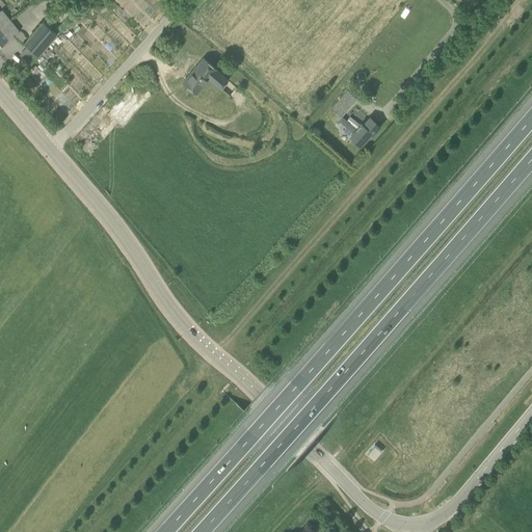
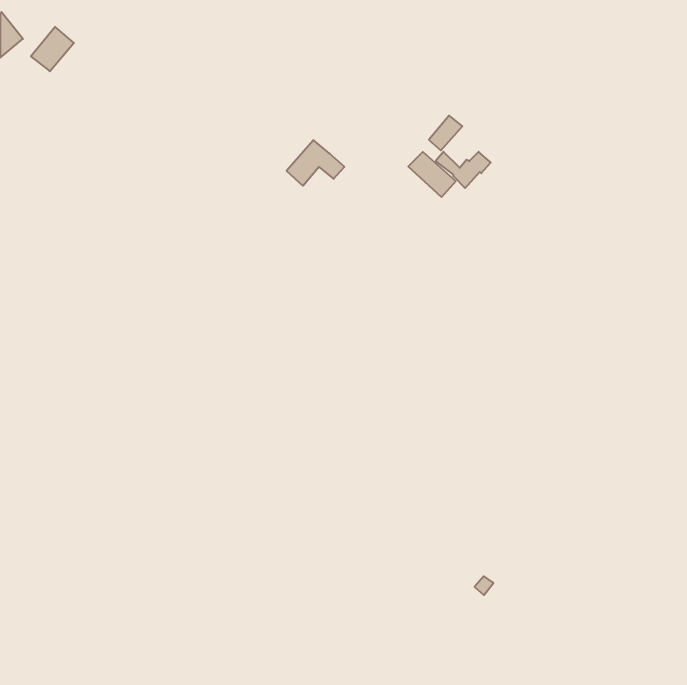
building: [183,59,228,95] -> [287,140,344,186]
building: none -> [408,152,456,197]

